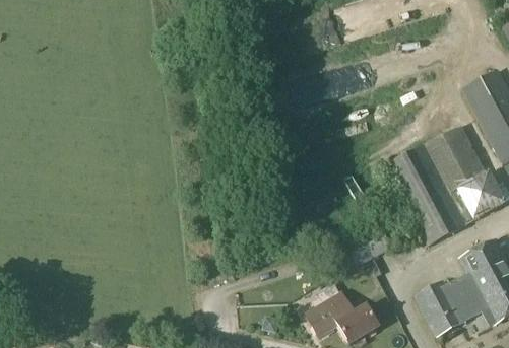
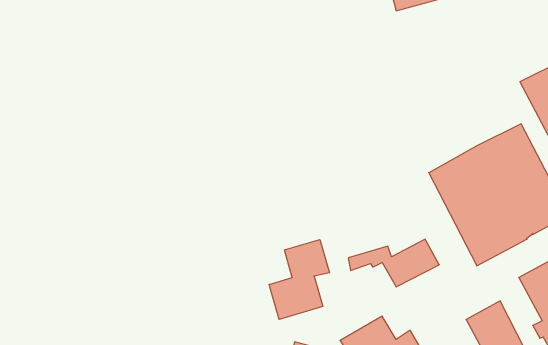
building: none -> [269,240,329,319]

